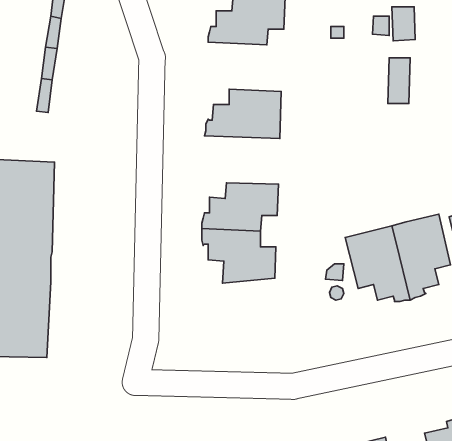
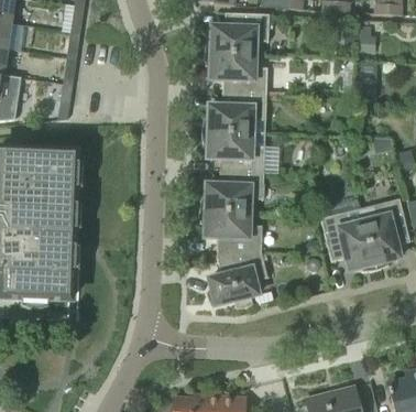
building: none -> [205,52,267,94]
building: none -> [201,131,265,172]
building: none -> [206,251,267,307]

